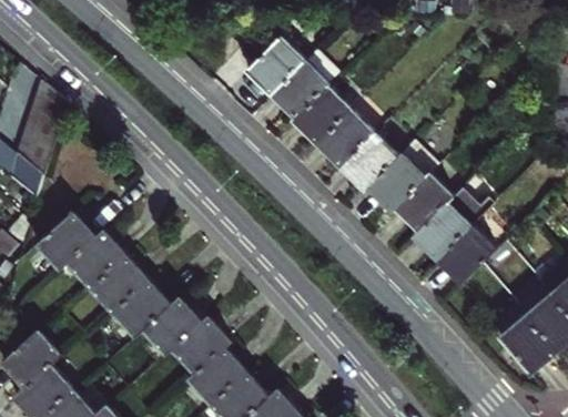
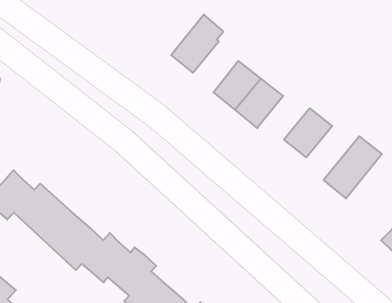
building: [245,33,304,92] -> none
building: [292,83,349,141] -> none
building: [366,139,437,208] -> none
building: [413,187,491,257] -> none

